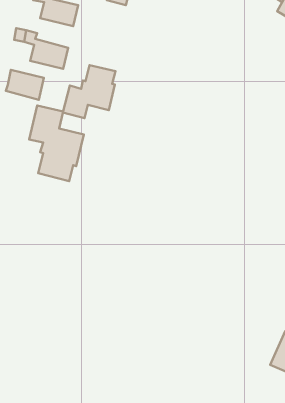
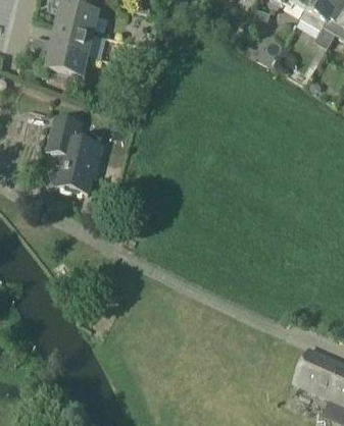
building: [63,65,115,118] -> none
building: [6,70,44,100] -> [52,25,91,56]

